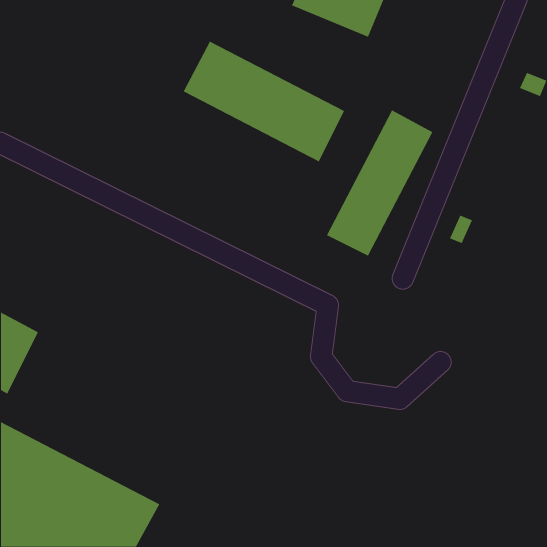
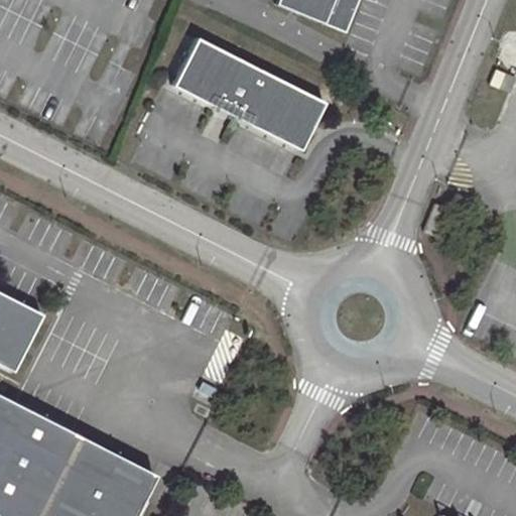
building: [326,110,433,256] -> none

